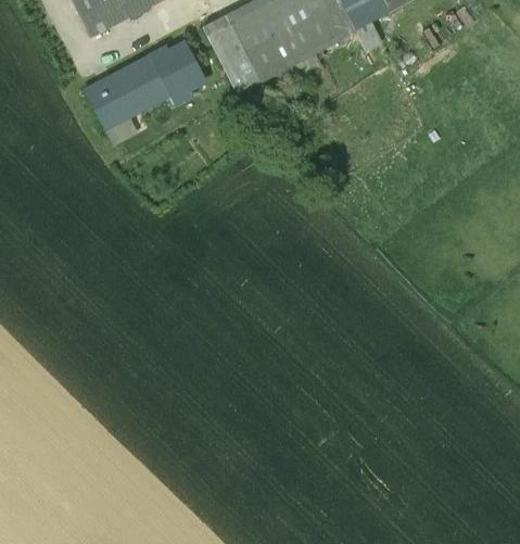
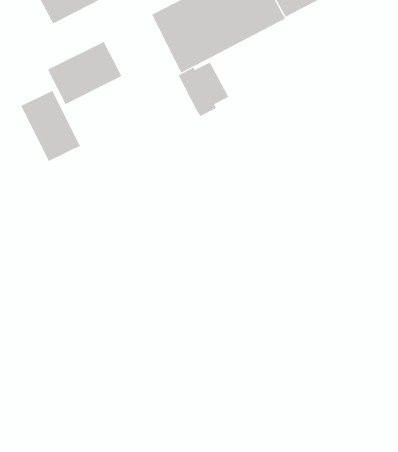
building: [149,41,207,104] -> [178,62,229,117]
building: none -> [21,90,81,162]

